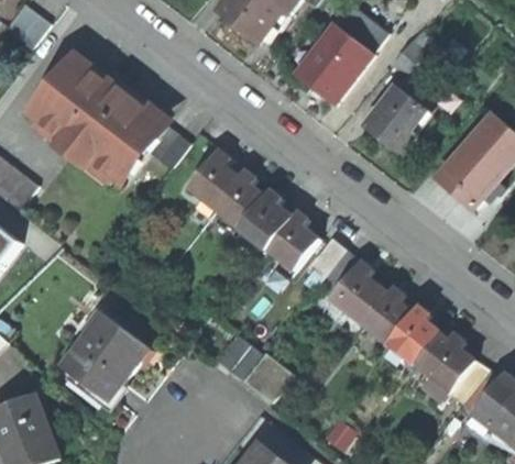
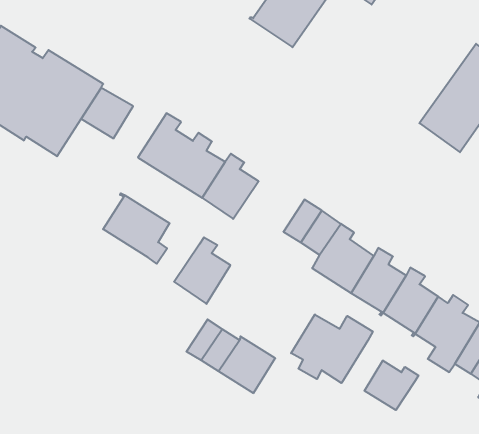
building: [363,86,424,154] -> none
building: [265,211,316,269] -> [174,237,230,304]
building: none -> [103,193,170,264]
building: [62,313,147,400] -> none
building: none -> [291,314,373,383]
building: none -> [364,360,418,410]

